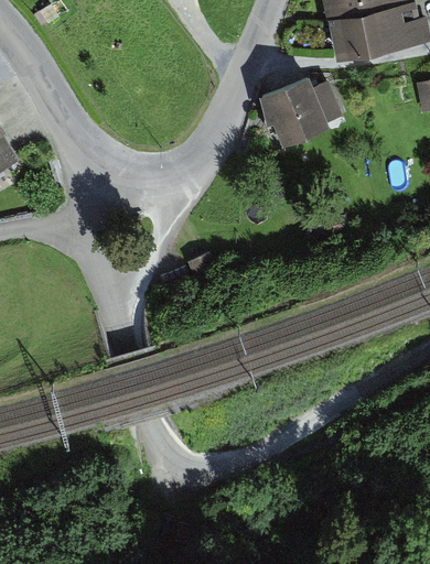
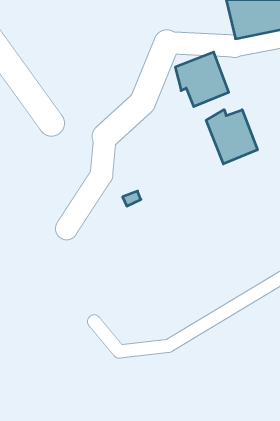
building: none -> [206,110,257,164]

